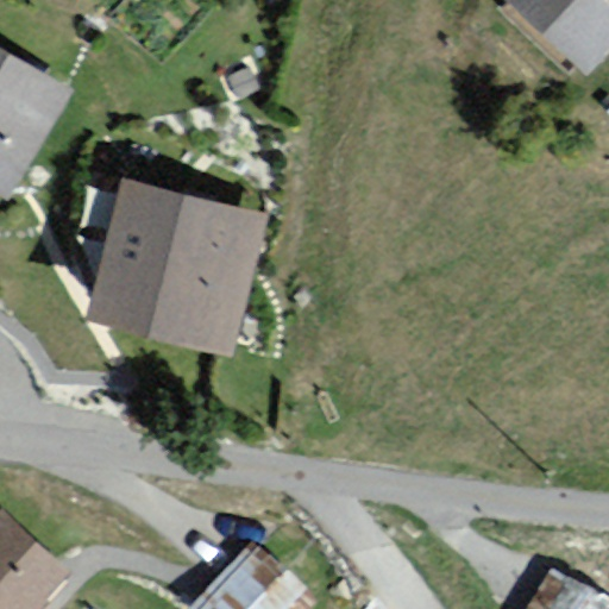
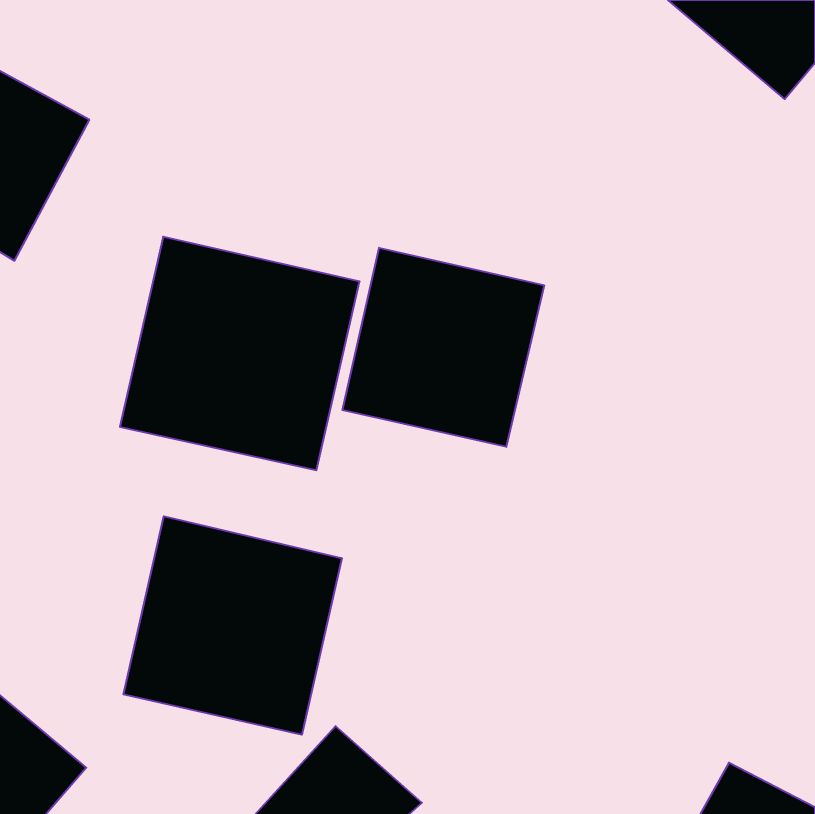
building: none -> [342,248,544,447]
building: none -> [123,516,342,735]

